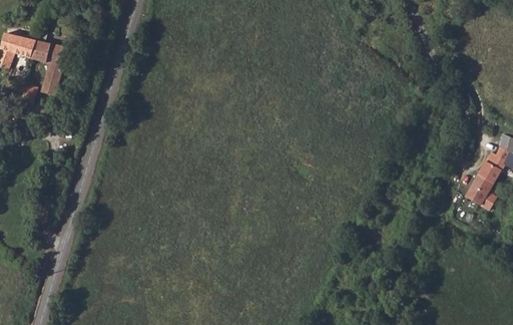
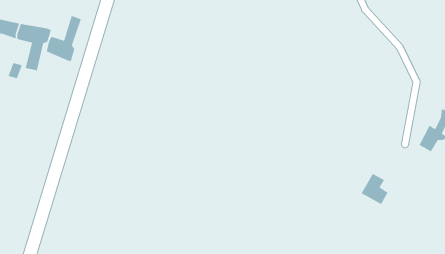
building: none -> [46,15,82,62]
building: [464,175,495,211] -> [361,173,389,205]

